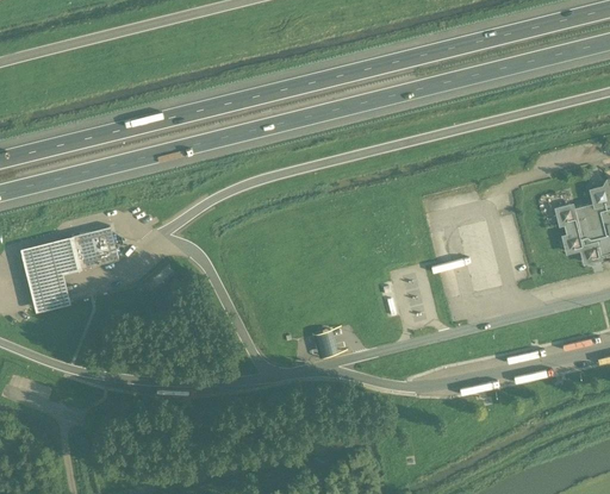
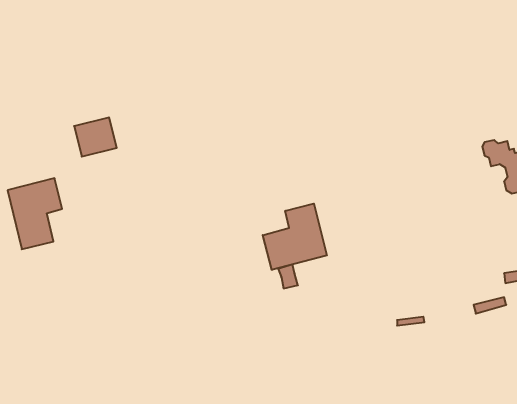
building: [71,226,118,269] -> [74,117,117,157]
building: none -> [263,204,327,270]

